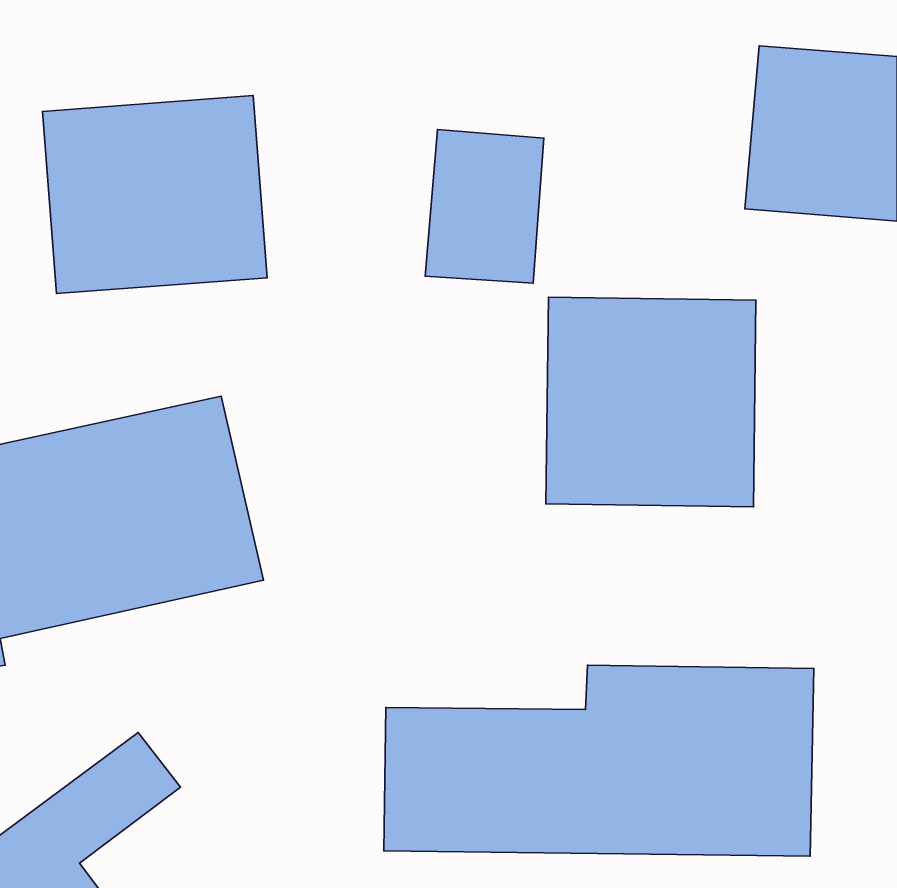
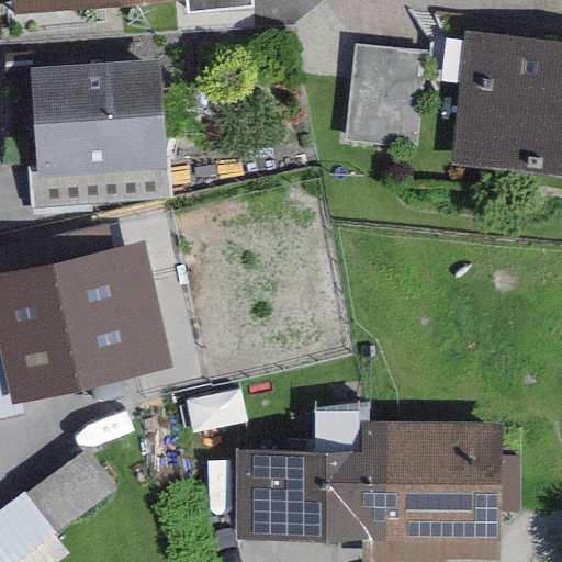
building: [425,129,544,283] -> [349,32,423,127]
building: [546,297,756,507] -> none

